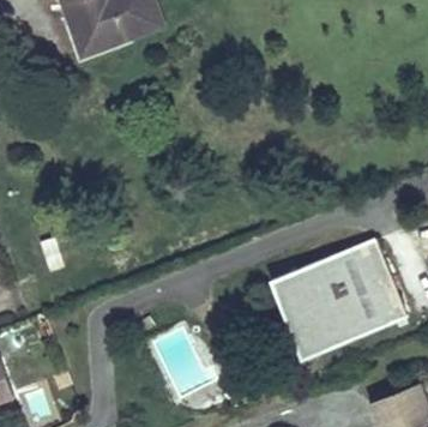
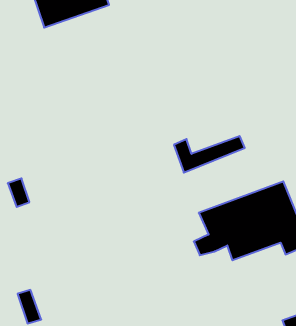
building: [290,314,376,359] -> [174,136,245,173]

